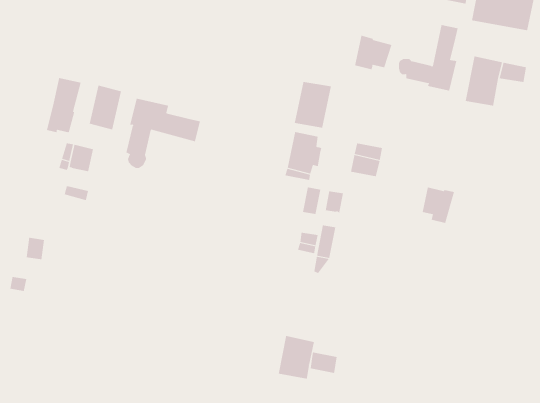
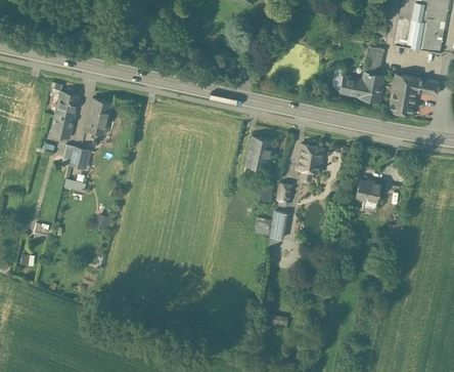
building: [354,35,392,70] -> none
building: [294,81,331,128] -> none
building: [126,98,201,169] -> none
building: [278,335,314,379] -> none

